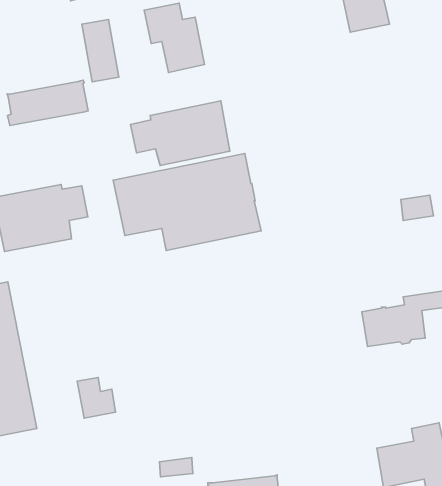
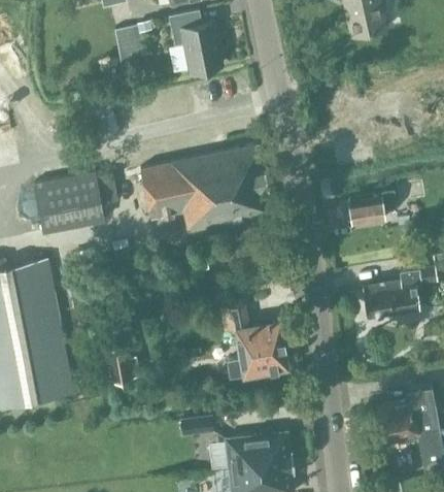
building: [7,80,88,126] -> none
building: [130,101,230,165] -> none
building: none -> [347,191,396,225]
building: none -> [219,301,287,378]

